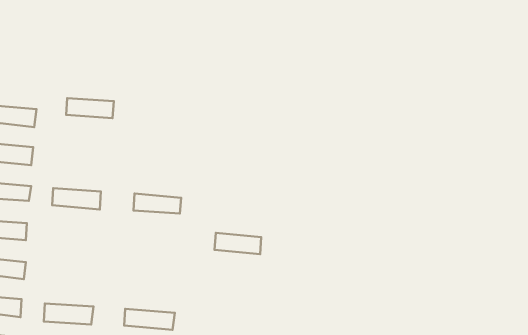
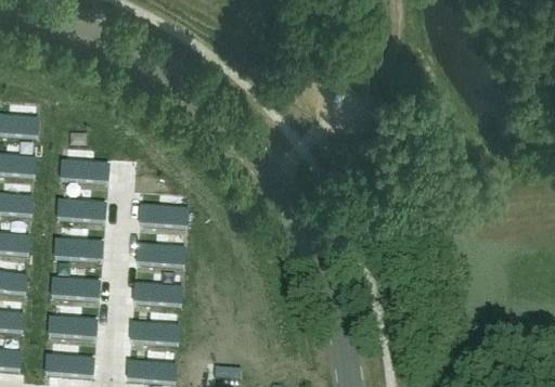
building: [66,98,114,118] -> [60,162,108,182]
building: none -> [53,238,104,261]
building: [215,233,261,254] -> [135,245,183,267]
building: none -> [50,278,100,300]
building: none -> [132,284,180,305]

